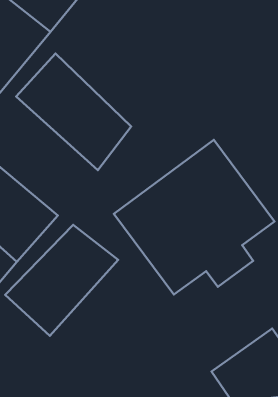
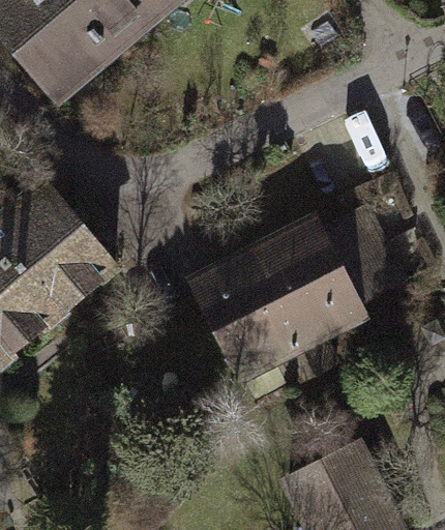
building: [16,54,131,170] -> none
building: [5,225,118,336] -> none

